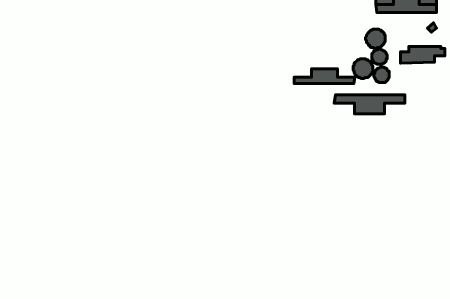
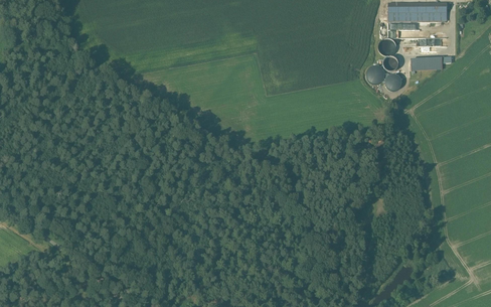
building: [294,69,355,84] -> none
building: [334,95,405,114] -> none

